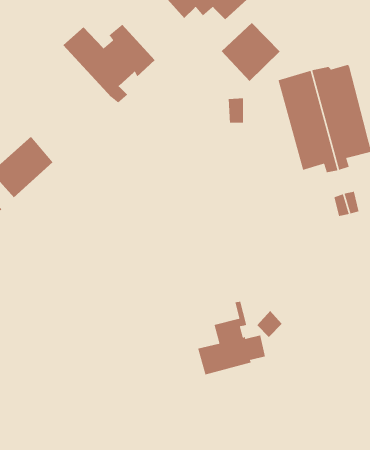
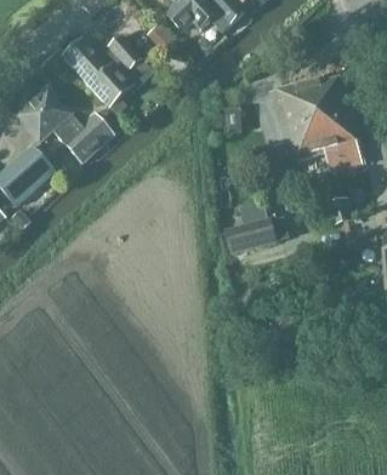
building: [221,22,280,82] -> none
building: none -> [16,86,113,161]
building: [197,301,266,375] -> [222,183,289,256]

